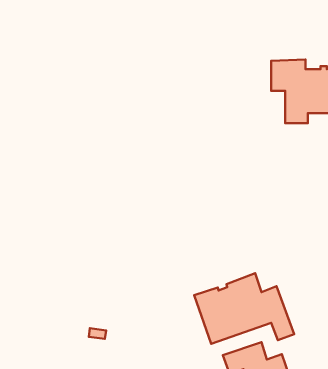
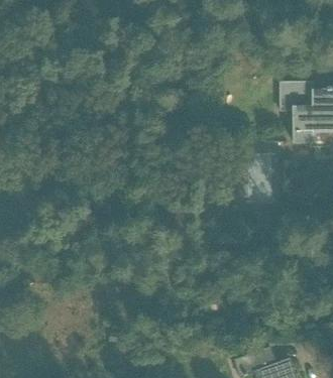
building: [194,273,294,344] -> none

